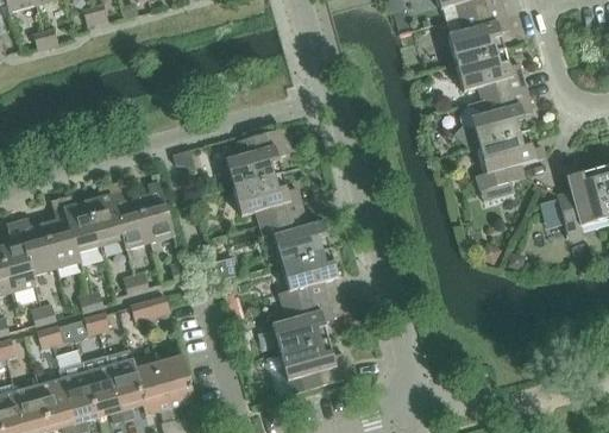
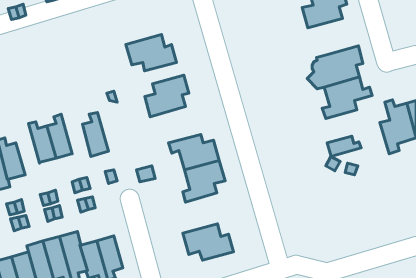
building: [456,49,527,100] -> none
building: [233,172,304,224] -> [126,35,177,71]
building: [108,181,150,249] -> none
building: [44,196,81,269] -> none
building: none -> [327,136,361,156]
building: [271,294,334,351] -> none

